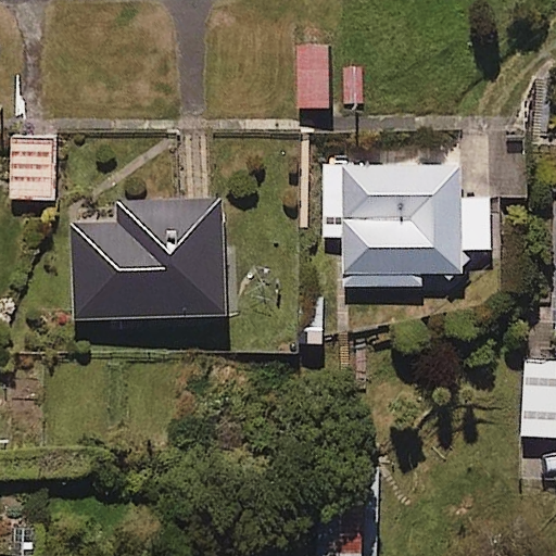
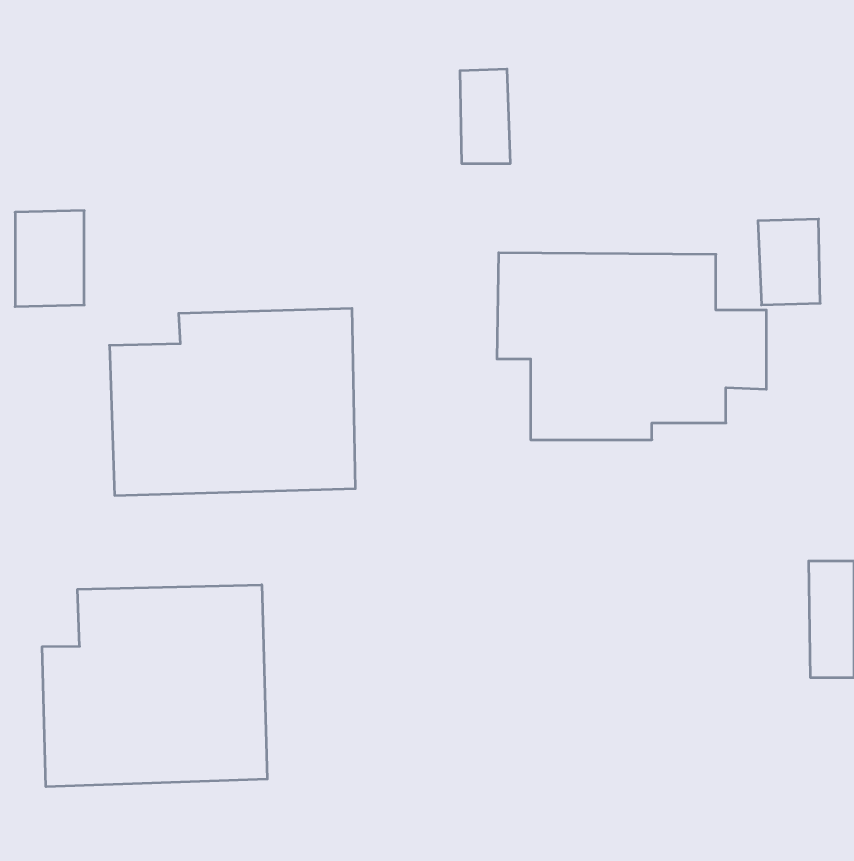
building: none -> [42,585,267,787]

